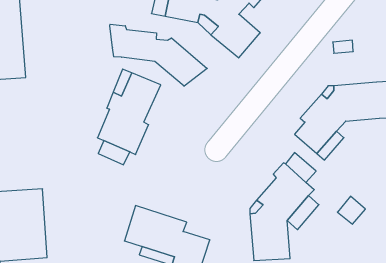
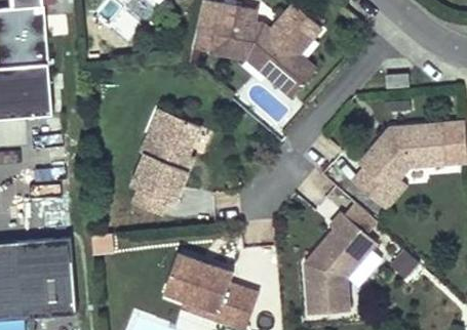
building: [110,24,207,86] -> none

